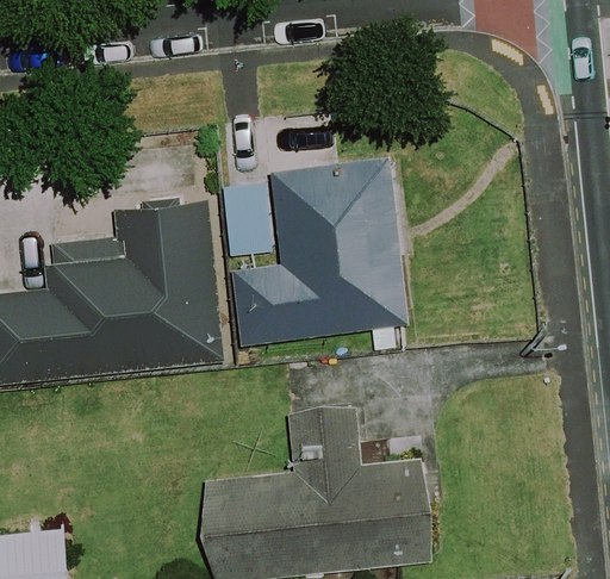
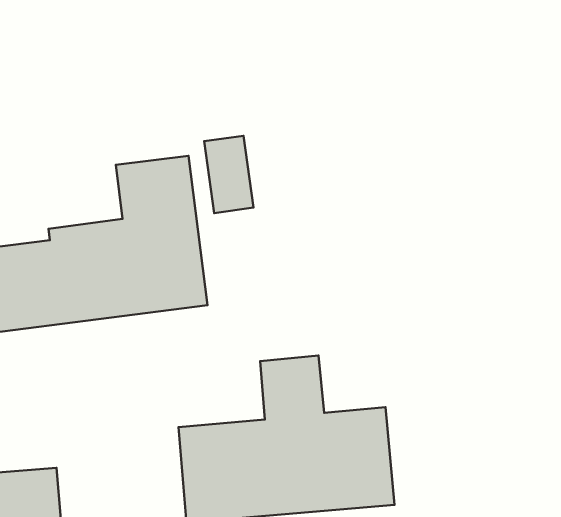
building: [242,158,412,343] -> none

